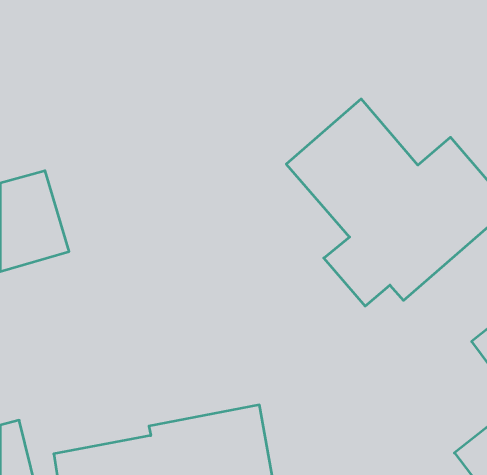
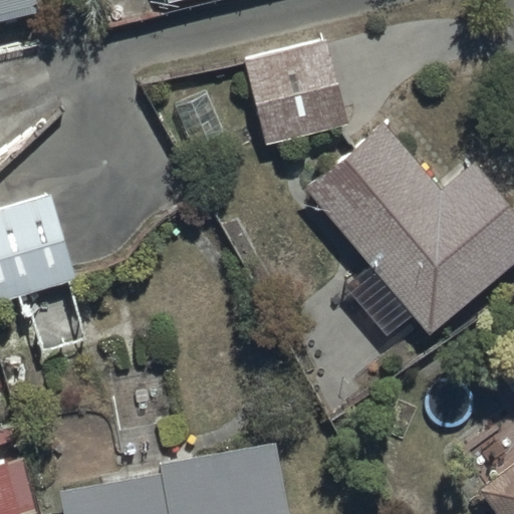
building: none -> [244,39,347,148]

